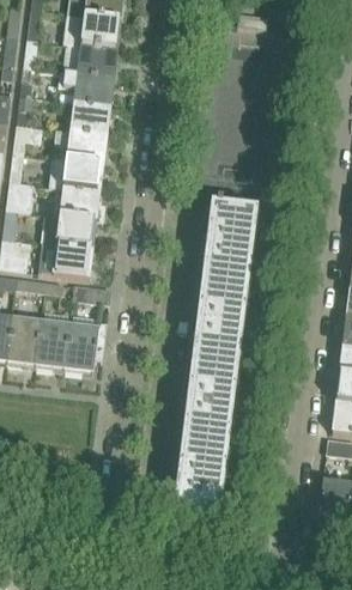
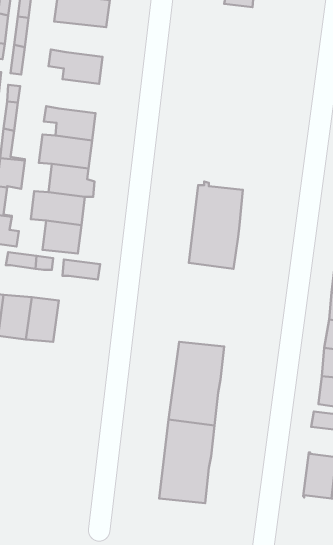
building: [65,39,117,75] -> none
building: [69,98,110,133] -> none
building: [192,285,247,370] -> none
building: [63,320,107,371] -> none

